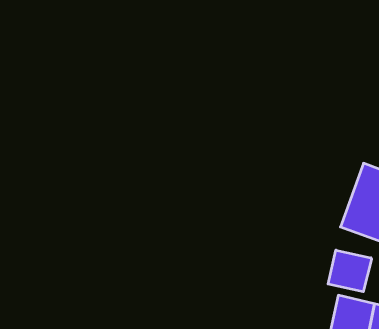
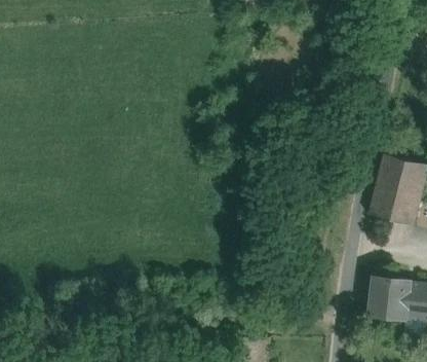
building: [328,250,372,292] -> none

